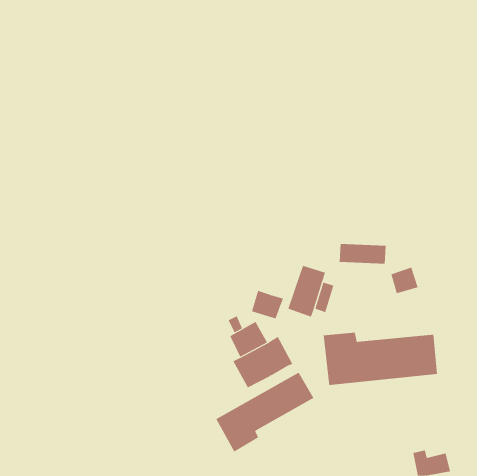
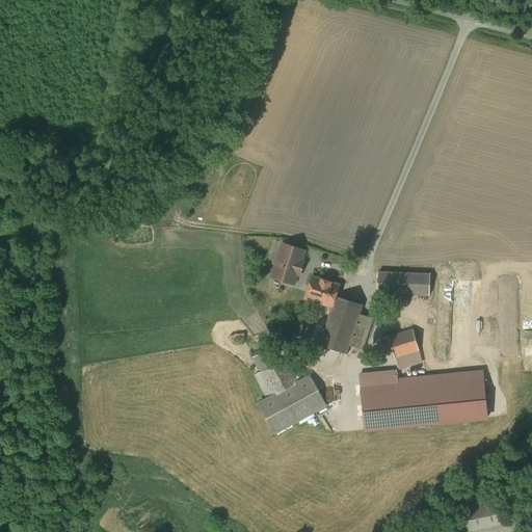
building: none -> [272,243,304,283]
building: [391,267,419,294] -> [389,327,420,357]
building: [251,290,284,319] -> [304,274,341,307]
building: [216,372,314,452] -> none

